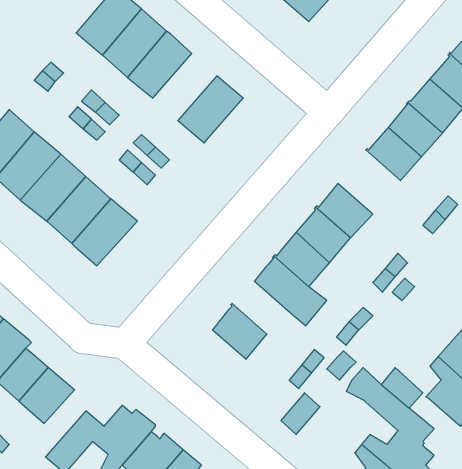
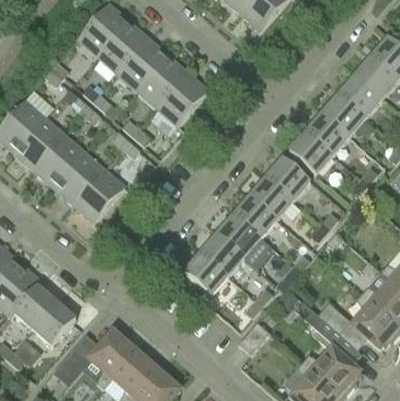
building: none -> [137,56,187,108]
building: none -> [288,131,332,175]
building: none -> [199,234,243,276]

